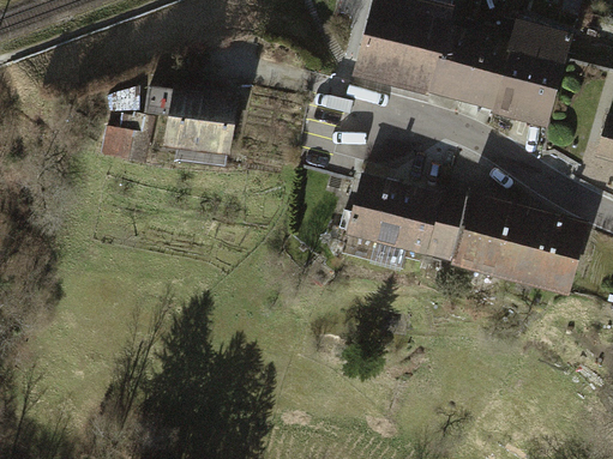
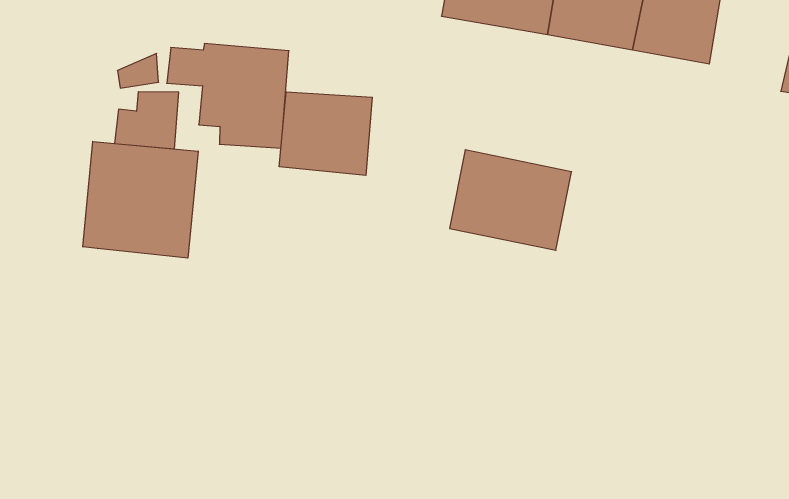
building: none -> [279,92,372,175]
building: none -> [83,141,198,258]
building: [426,187,585,290] -> none

